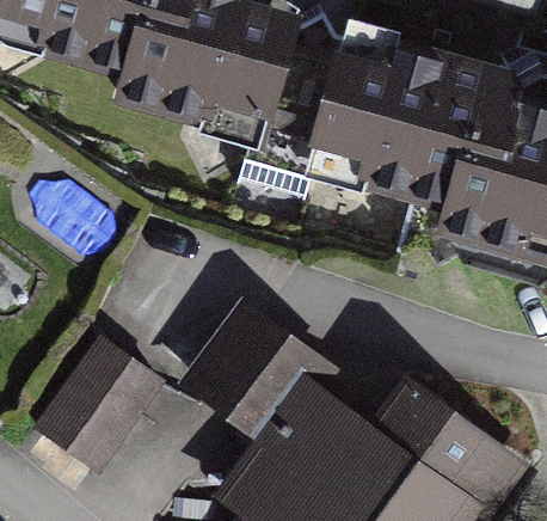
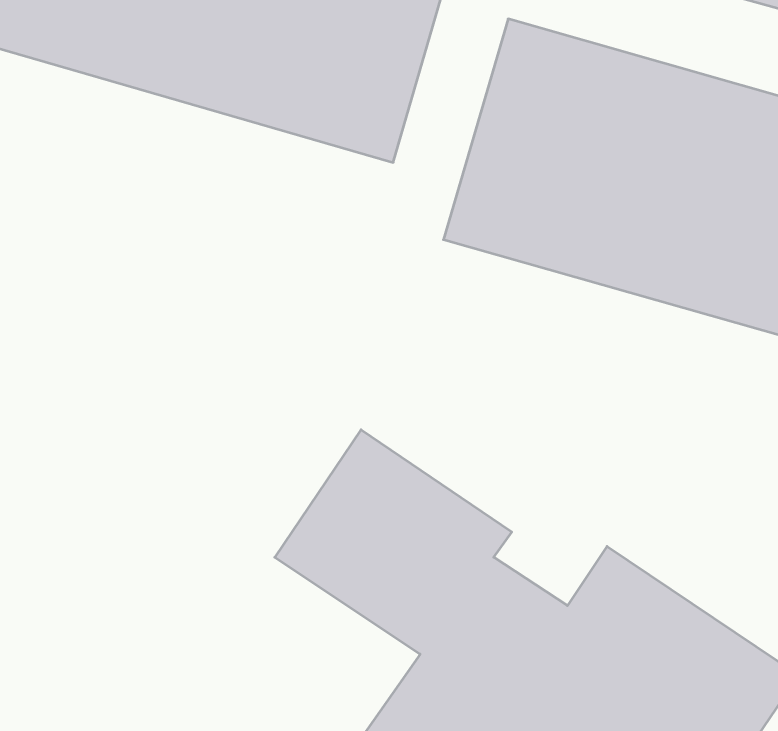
building: [39,336,158,461] -> none

